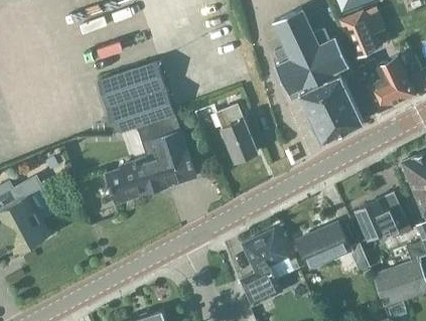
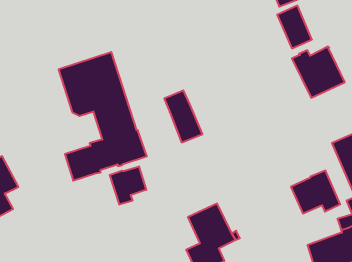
building: [274,8,363,140] -> none
building: none -> [110,166,146,205]
building: [297,222,370,271] -> none

